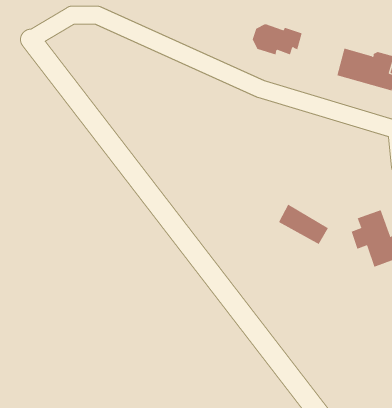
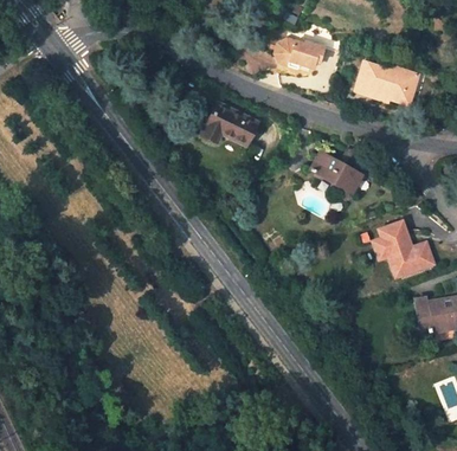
building: none -> [200,103,256,146]
building: [278,204,329,245] -> [310,152,360,192]

